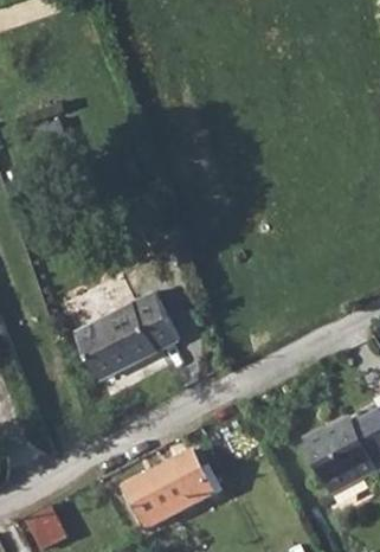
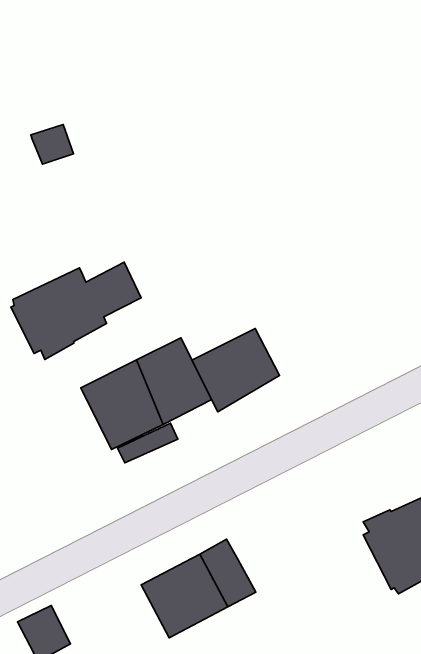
building: none -> [11,262,141,359]
building: none -> [192,329,279,412]

